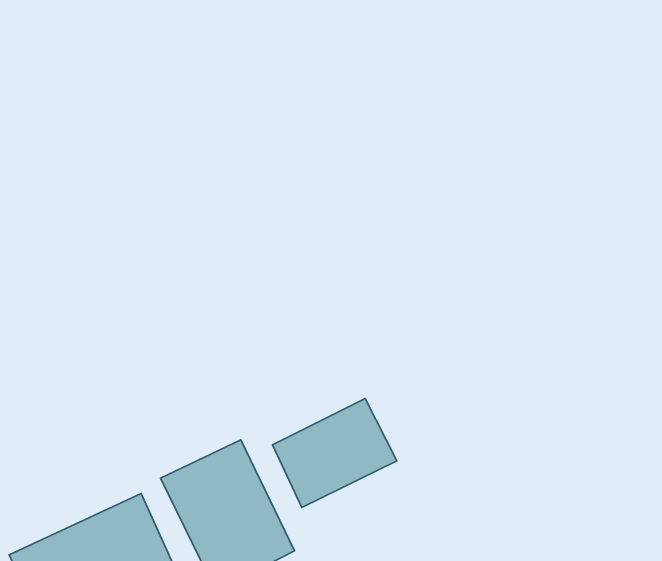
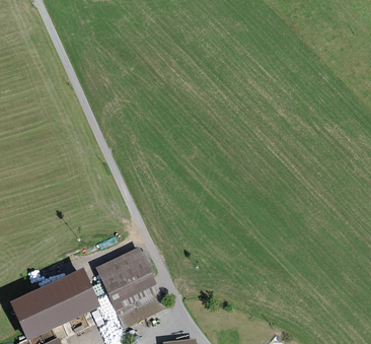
building: [272,398,397,507] -> none

